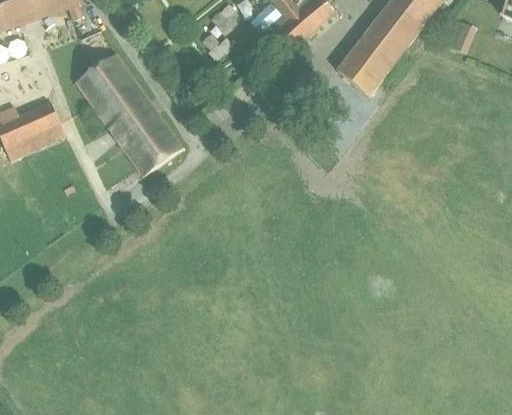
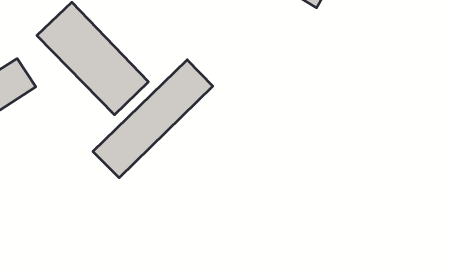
building: none -> [93,60,213,178]

